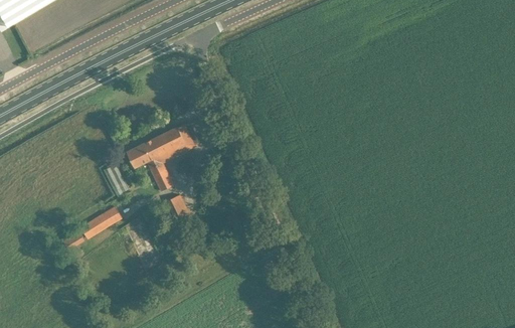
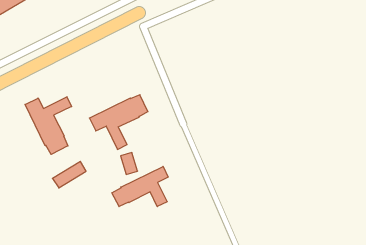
building: none -> [25,97,72,154]
building: none -> [112,166,168,207]

